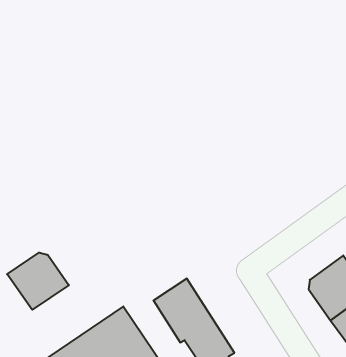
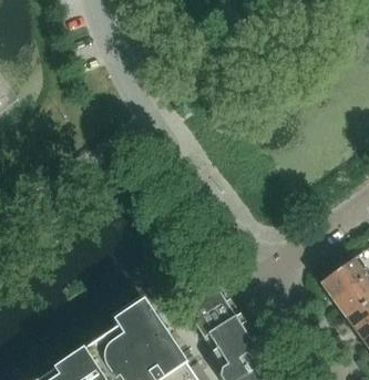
building: [7,253,69,310] -> none

